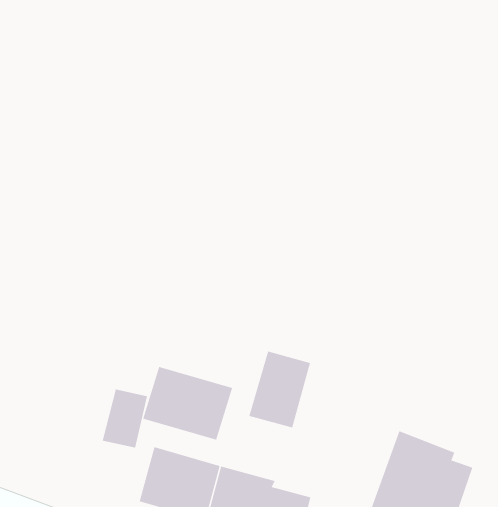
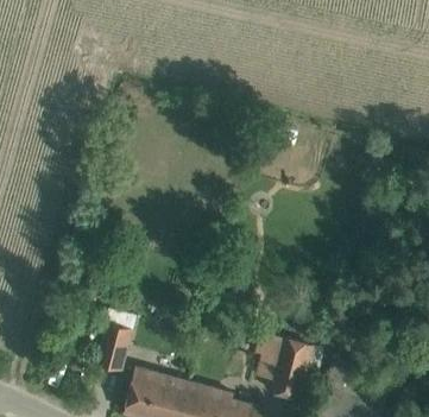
building: [248,351,311,428] -> [264,334,314,396]
building: [142,366,233,441] -> none

